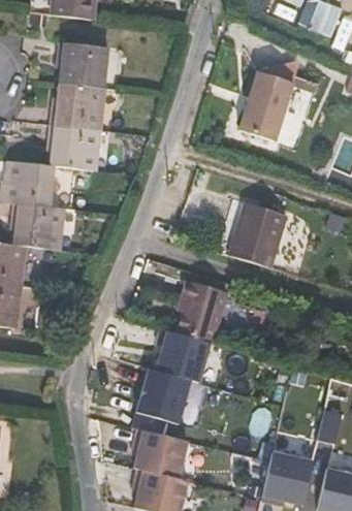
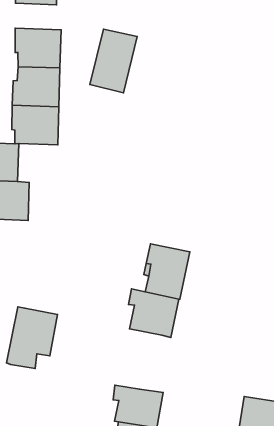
building: [252,77,306,147] -> [90,29,137,93]
building: [230,203,286,266] -> none
building: [133,369,191,436] -> [6,307,57,369]

